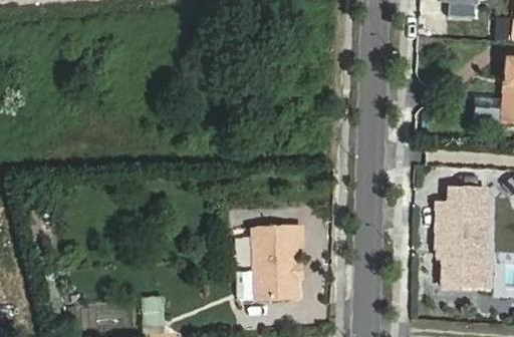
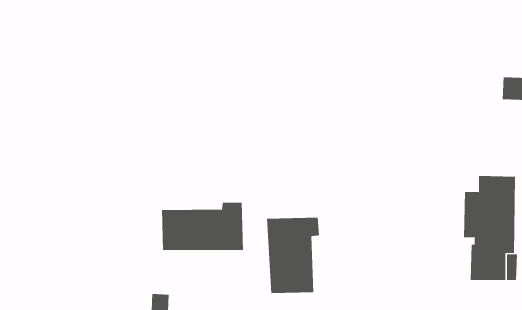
building: none -> [161,202,244,251]

